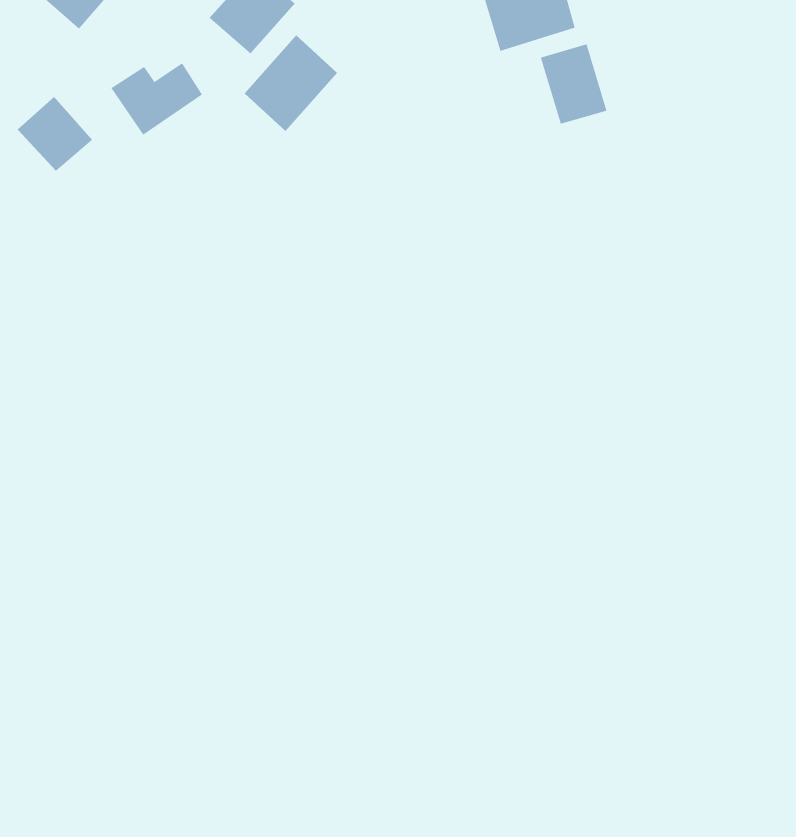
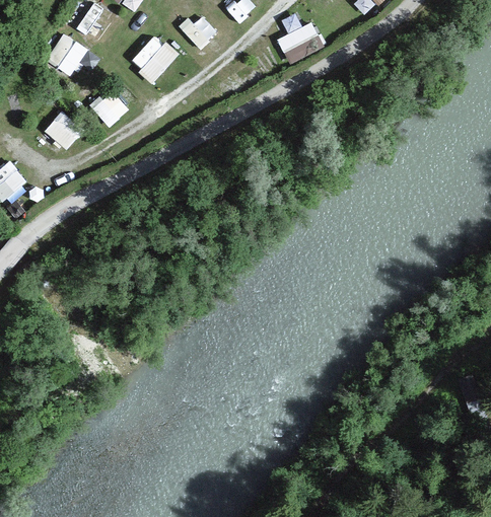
building: [244,35,338,132] -> none
building: [540,44,607,124] -> none

